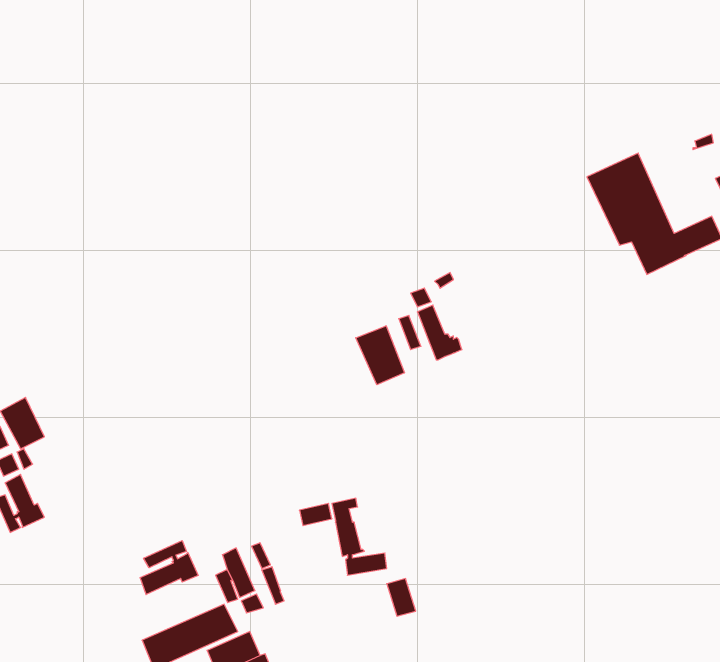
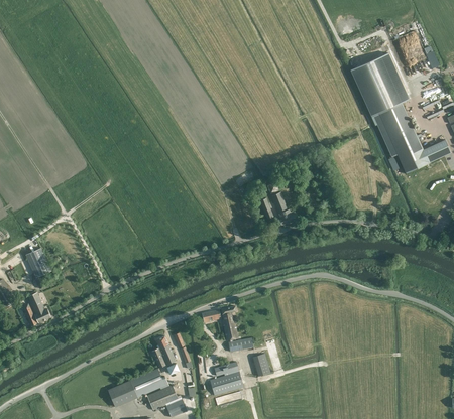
building: none -> [350,52,410,117]
building: [356,326,404,385] -> none
building: [140,541,198,595] -> none
building: none -> [210,362,244,395]

